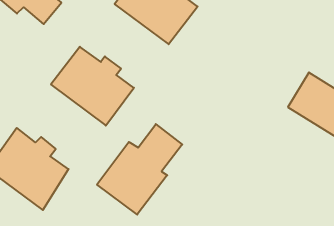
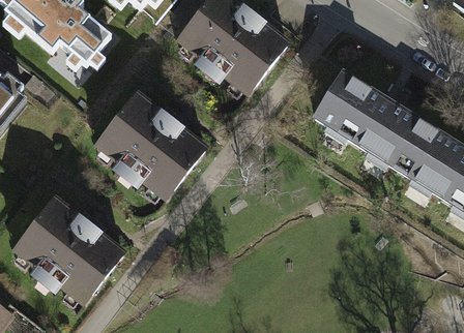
building: none -> [315,73,428,171]
building: [97,124,182,215] -> none

